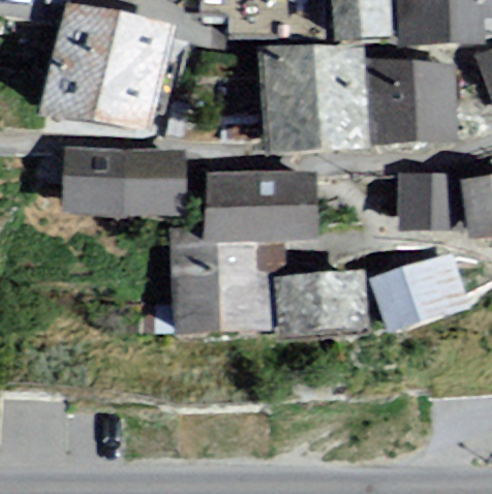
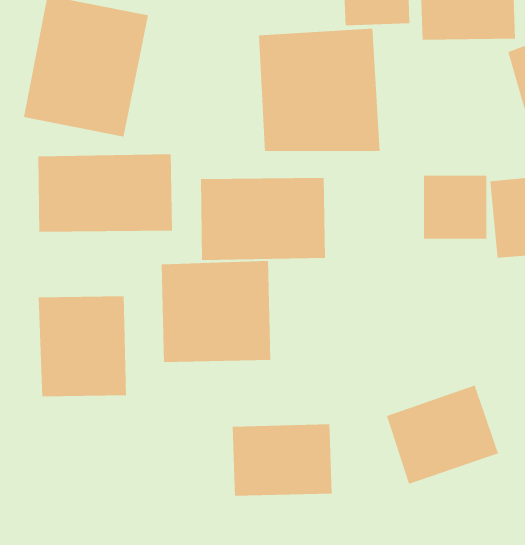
building: [377,56,450,144] -> none
building: [374,250,472,337] -> [386,385,499,484]
building: [277,269,365,332] -> [232,424,333,496]
building: none -> [38,296,126,397]

